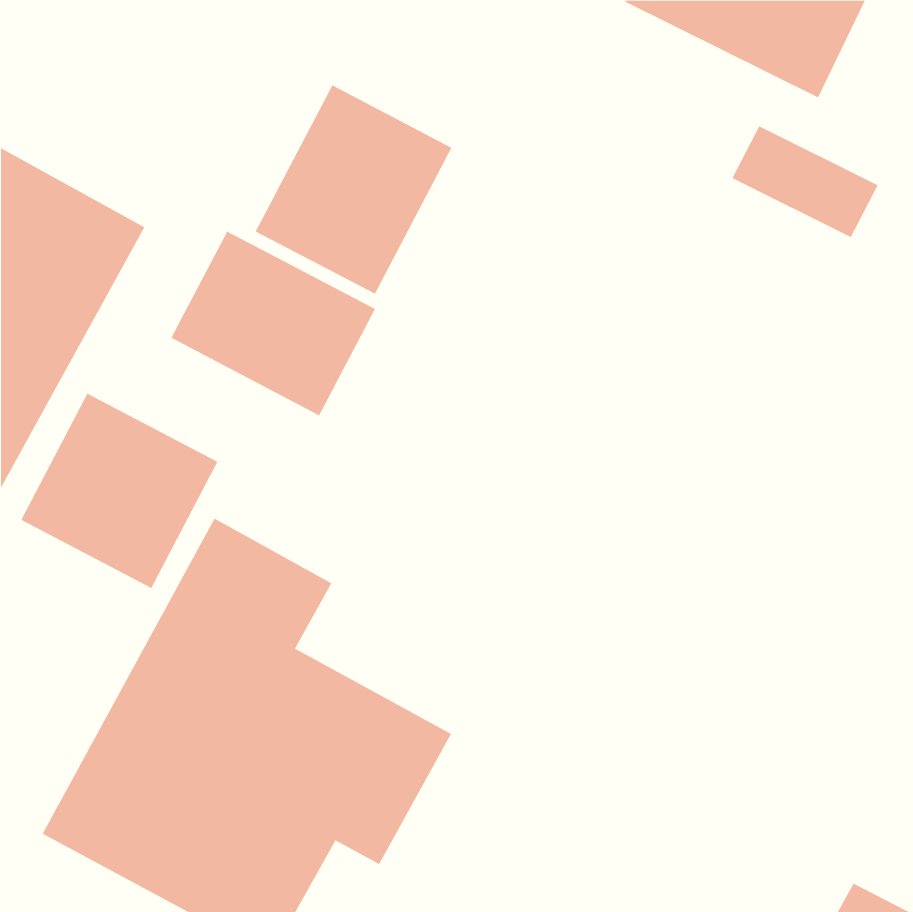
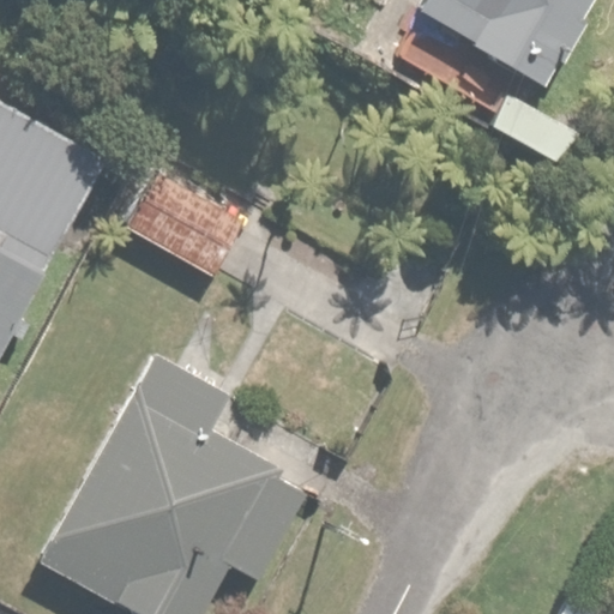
building: [255,85,452,295] -> none
building: [20,393,218,589] -> none

